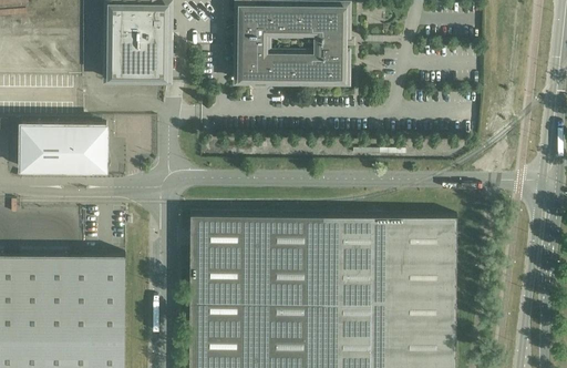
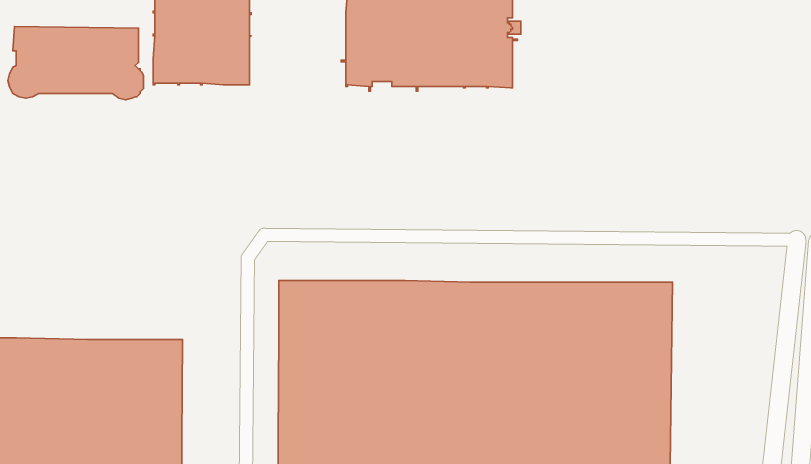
building: [17,125,109,175] -> [8,26,143,100]

